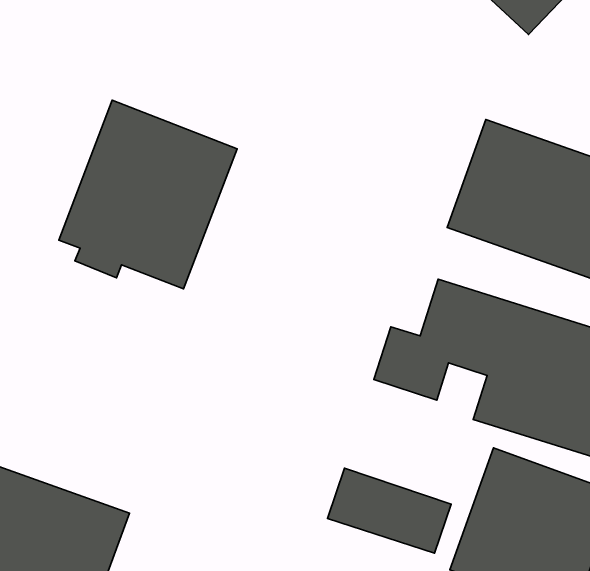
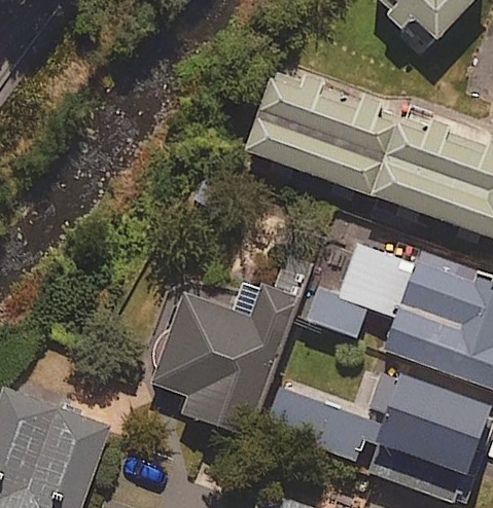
building: none -> [242,67,395,197]
building: [59,100,237,289] -> none
building: none -> [153,251,313,436]

